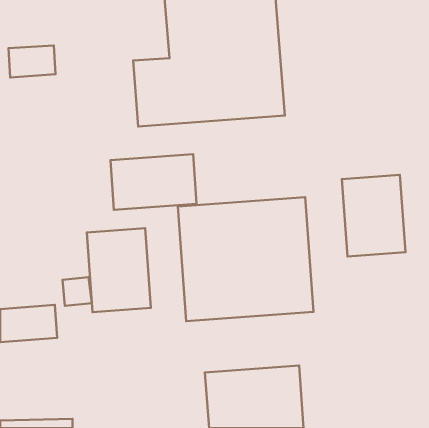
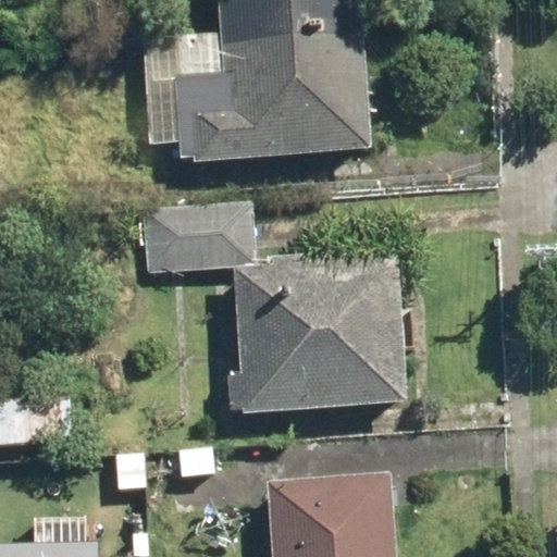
building: [342,175,406,257] -> none
building: [87,228,151,312] -> none

